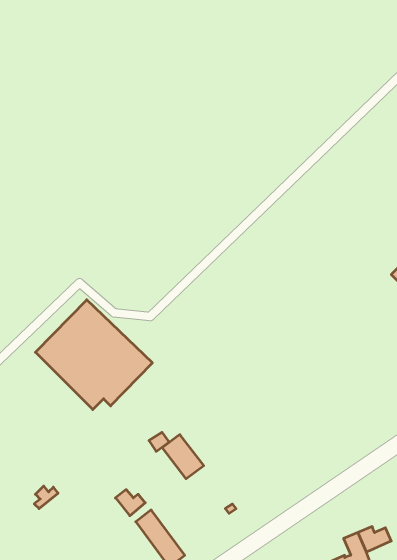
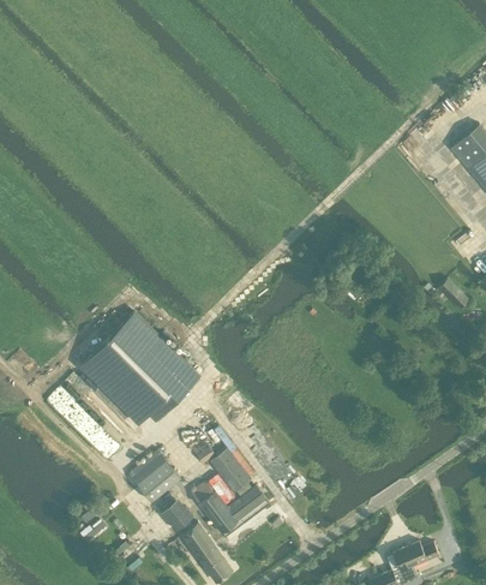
building: none -> [128,450,180,502]
building: none -> [191,483,265,533]

